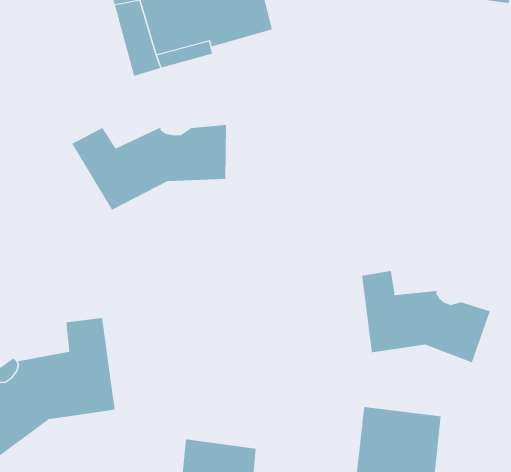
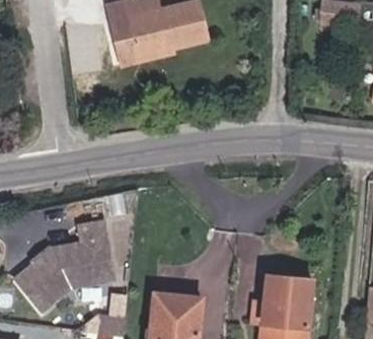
building: [72,124,226,211] -> none
building: [361,270,491,363] -> none

